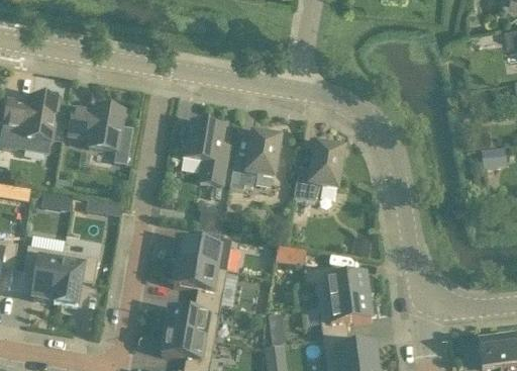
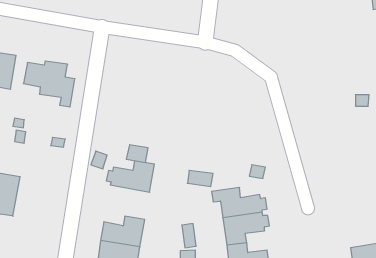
building: [181,124,226,188] -> none
building: [230,132,280,191] -> none
building: [294,144,343,203] -> none
building: [54,254,99,308] -> none
building: [168,264,226,307] -> none

